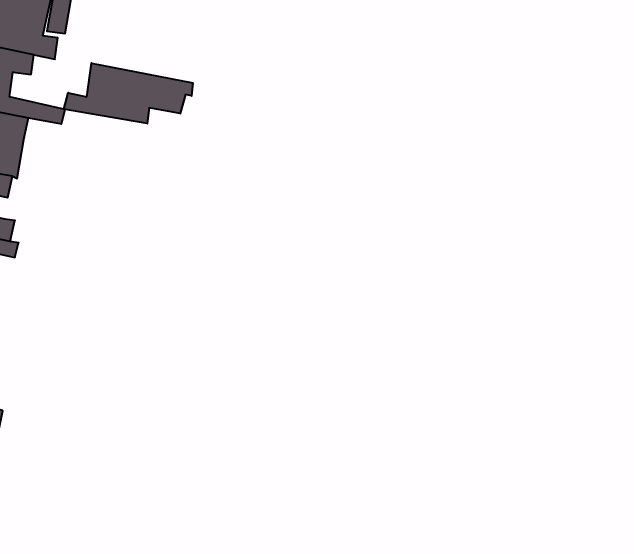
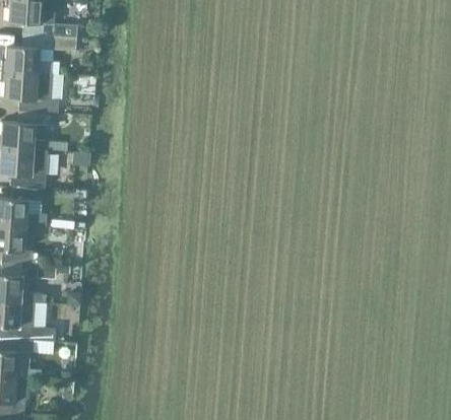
building: [64,63,193,124] -> none

